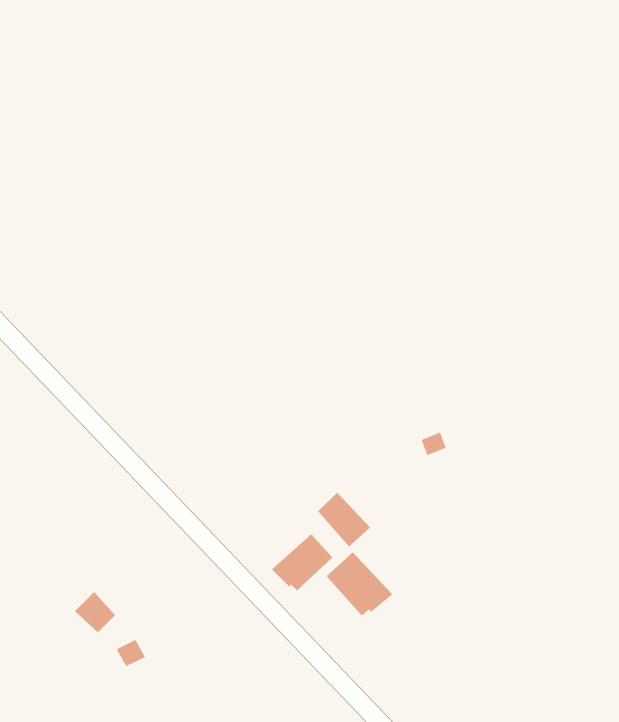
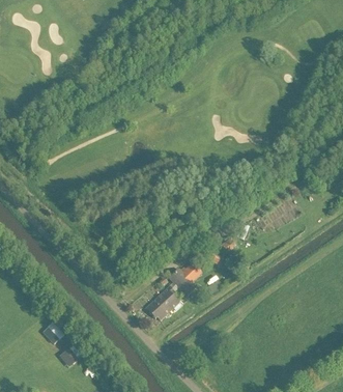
building: [326,551,393,617] -> none

